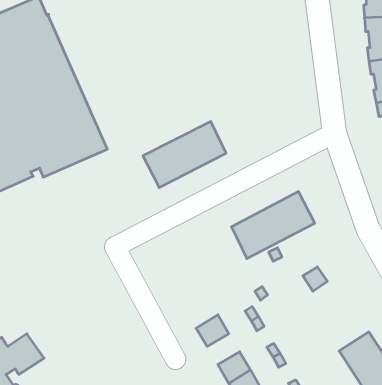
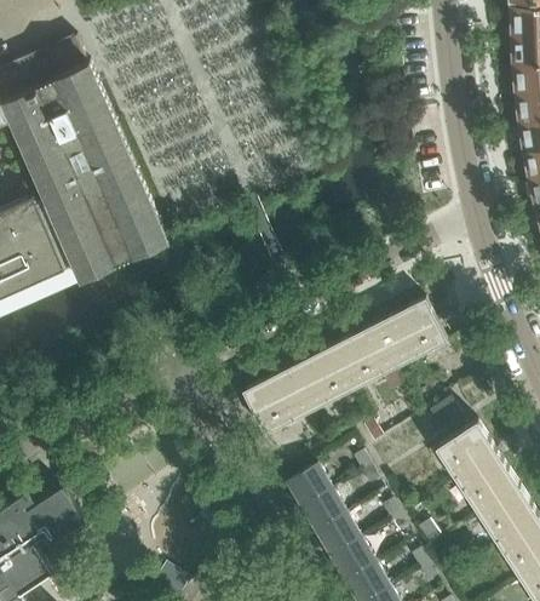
building: [143,121,226,188] -> [243,347,355,435]
building: none -> [436,422,518,513]
building: none -> [301,490,345,531]

